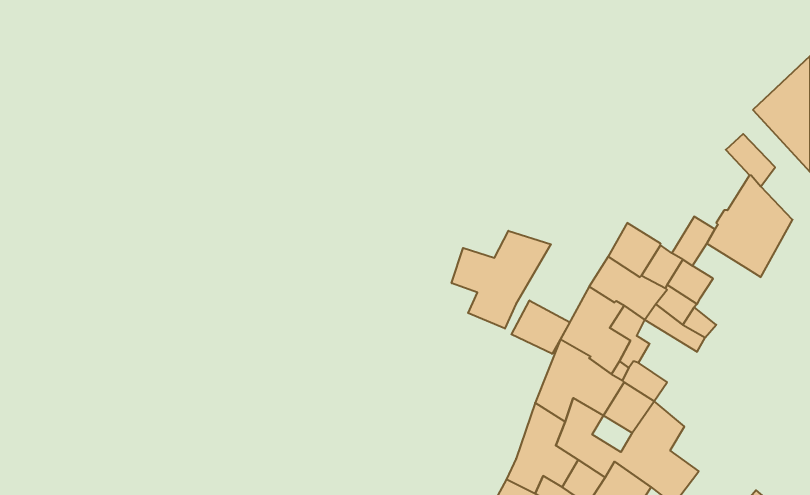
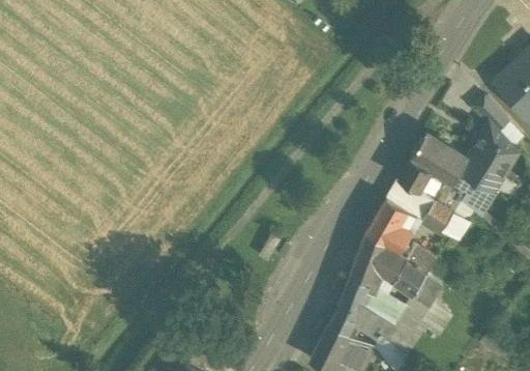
building: none -> [409,132,452,175]
building: [452,231,551,329] -> none
building: none -> [451,169,496,217]
building: [511,300,570,354] -> none

